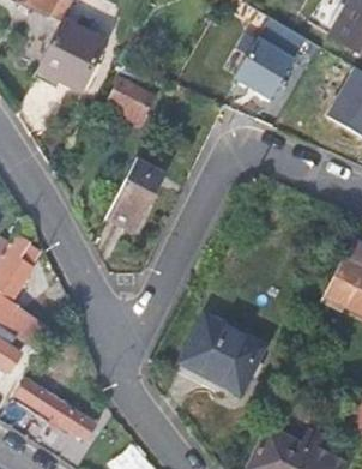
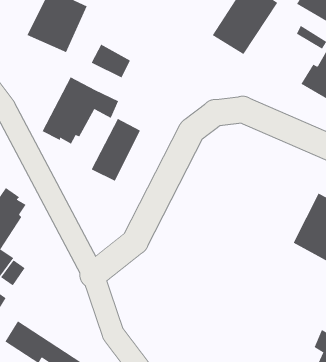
building: none -> [42,76,119,144]
building: [185,315,267,392] -> none

